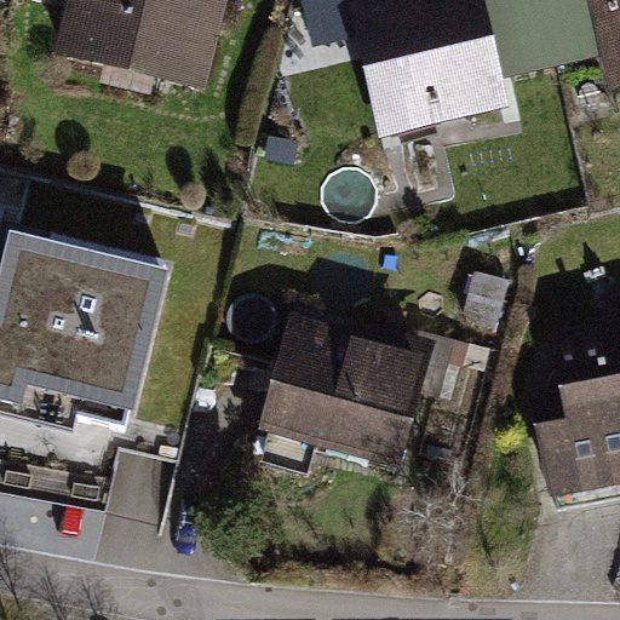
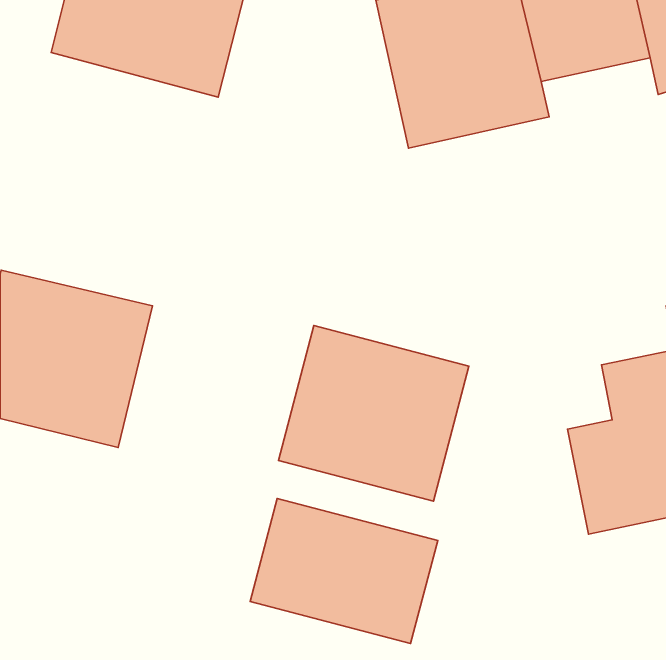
building: none -> [250,498,438,644]

